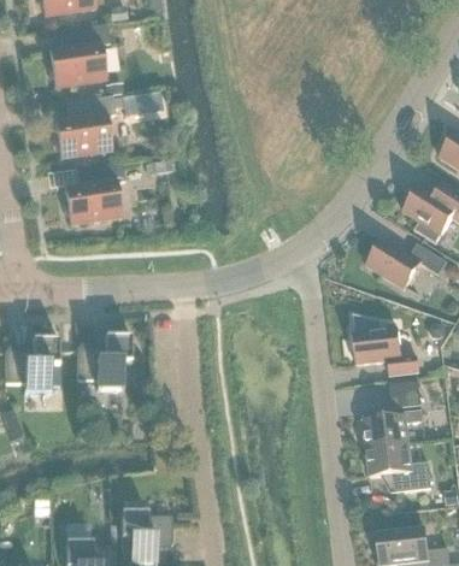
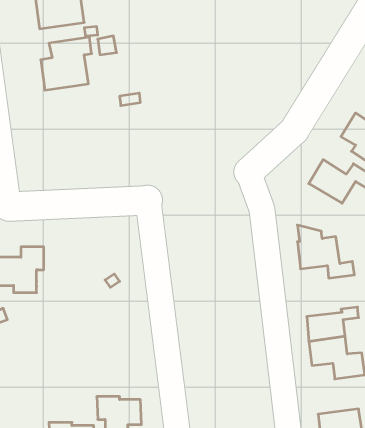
building: [64,163,123,223] -> none
building: [76,336,130,389] -> none
building: [389,379,420,407] -> none

